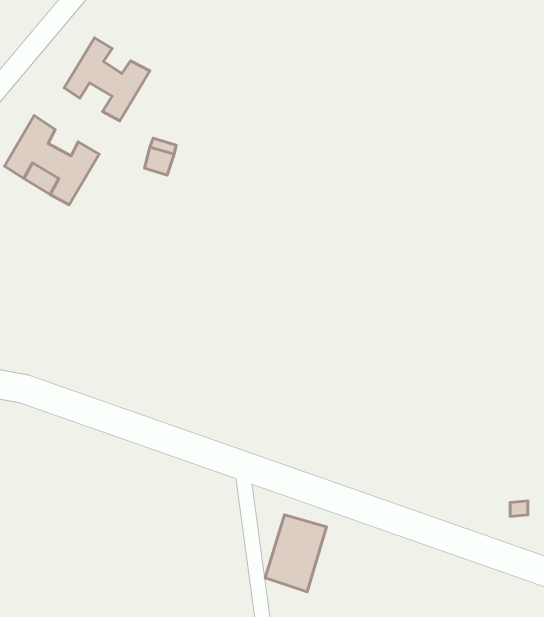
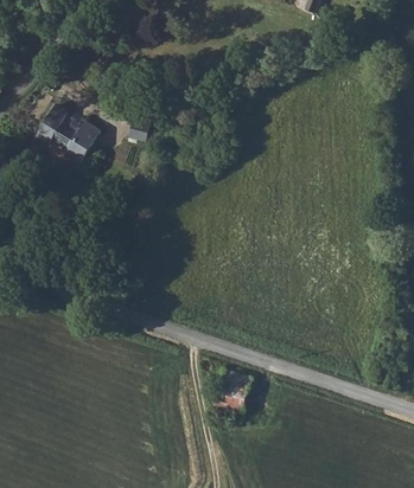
building: [64,38,150,121] -> none

